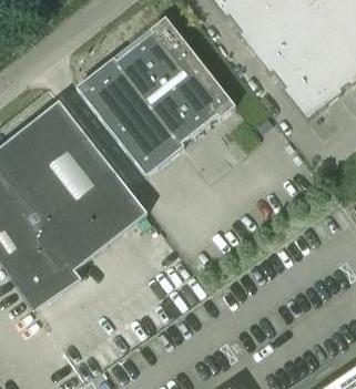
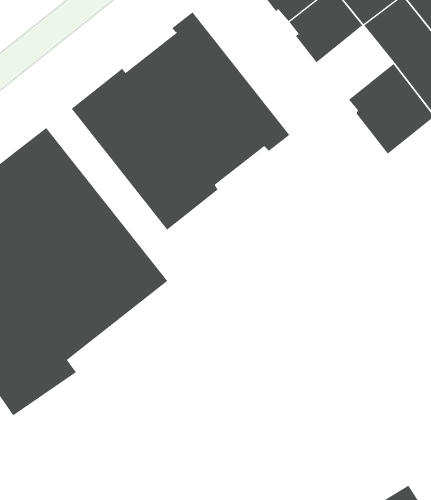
building: [255,25,312,80] -> none

